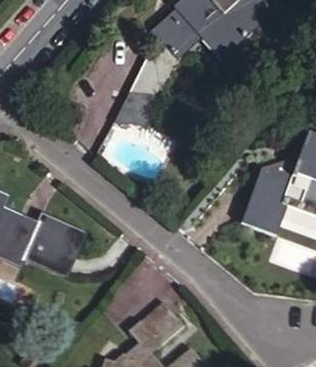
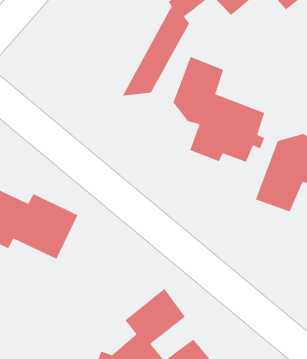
building: none -> [172,56,265,163]

